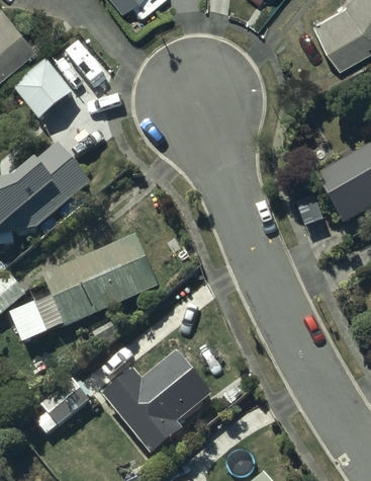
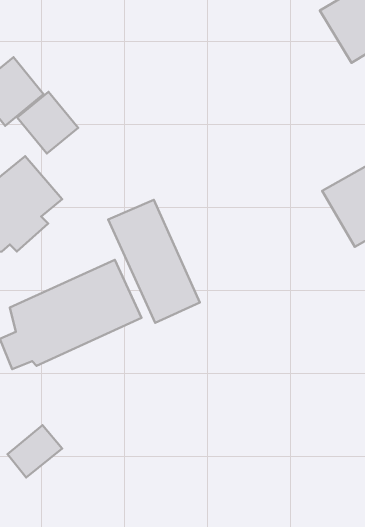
building: none -> [17,92,78,154]
building: none -> [108,200,200,323]
building: [103,350,210,454] -> none

